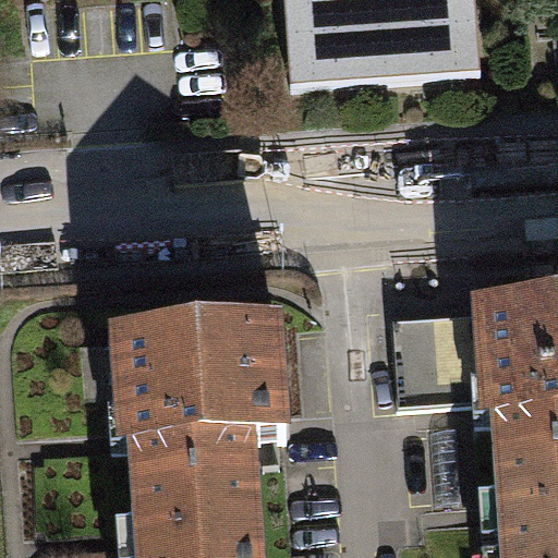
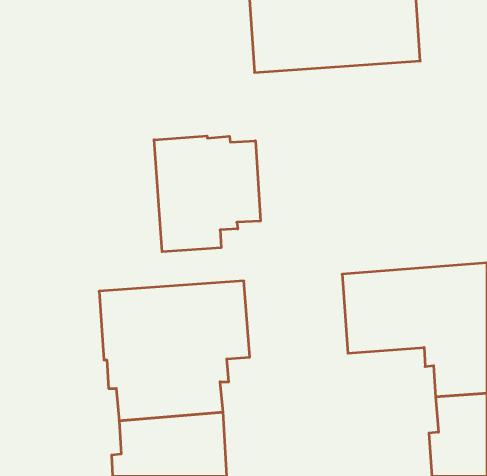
building: none -> [154,136,260,252]

